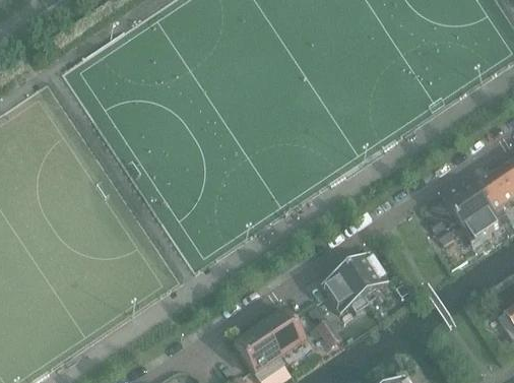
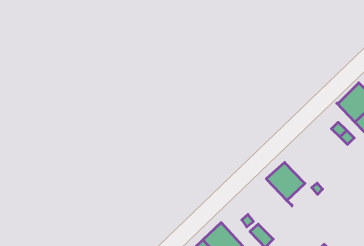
building: [322,267,371,313] -> none

